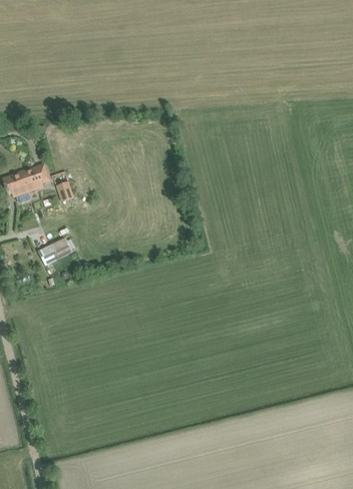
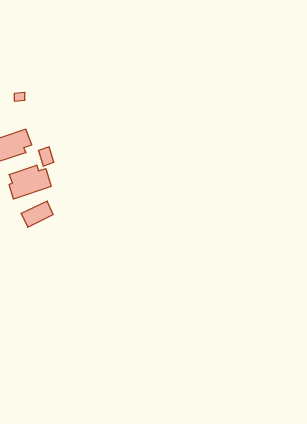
building: none -> [9,165,51,199]

